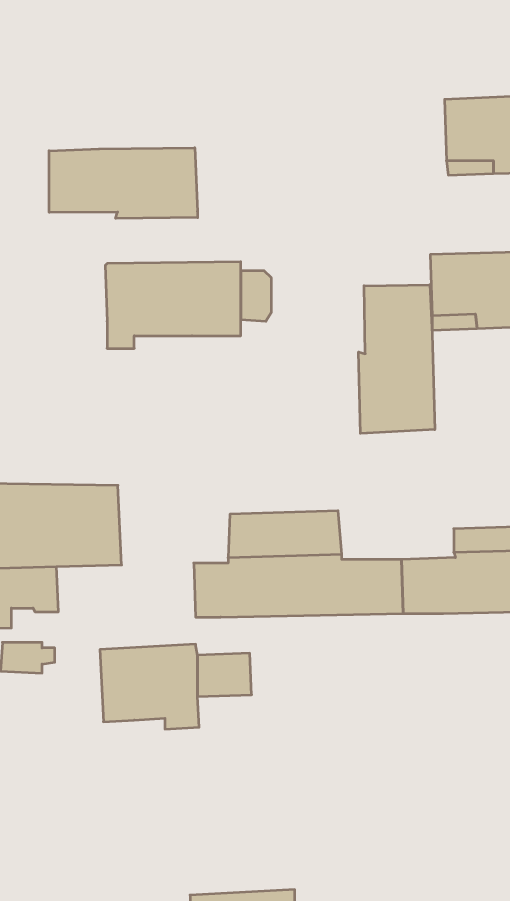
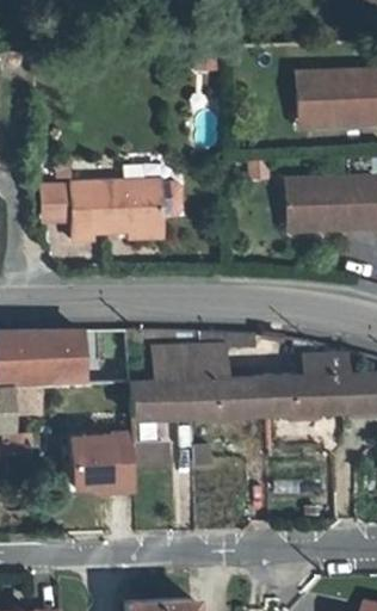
building: [49,148,198,218] -> none
building: none -> [42,186,74,223]
building: [359,285,435,433] -> none

